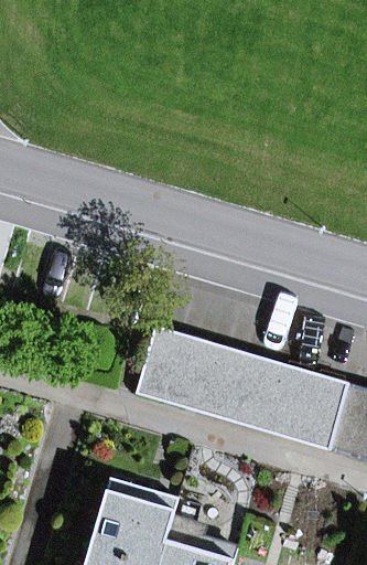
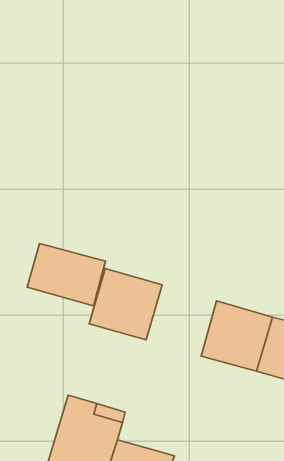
building: none -> [27,243,105,306]
building: [203,349,284,431] -> none

